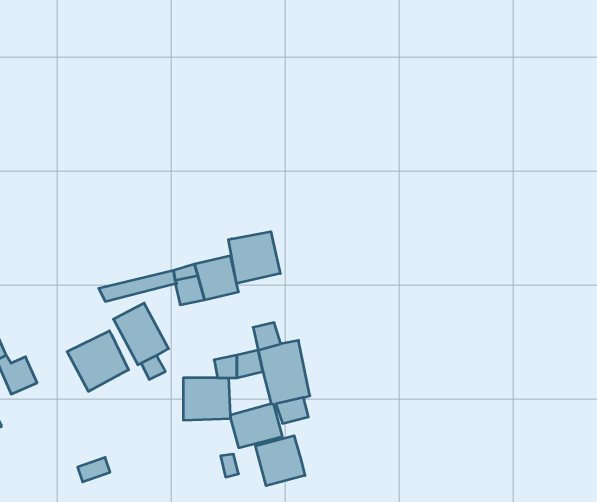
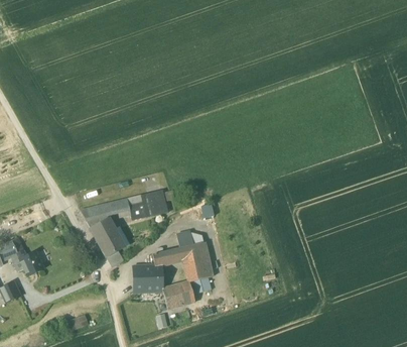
building: [228,232,280,284] -> none
building: [67,331,129,391] -> none
building: [255,436,305,486] -> none

